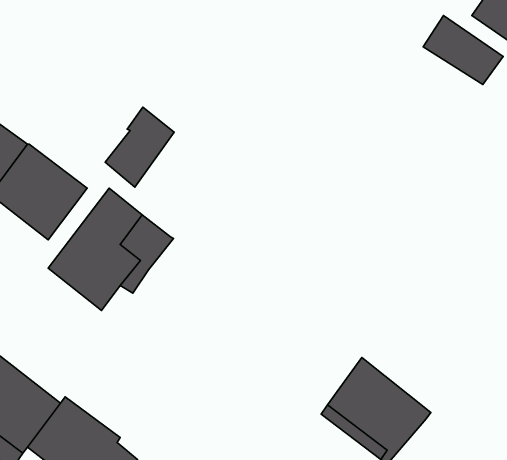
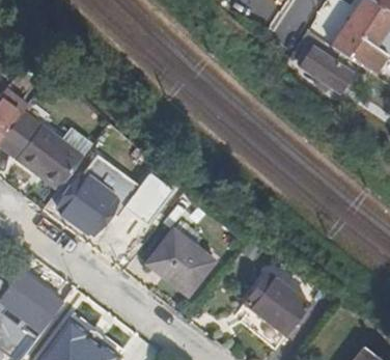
building: [105,107,174,187] -> [120,175,166,228]
building: none -> [147,226,214,292]

